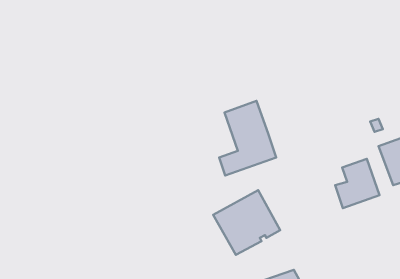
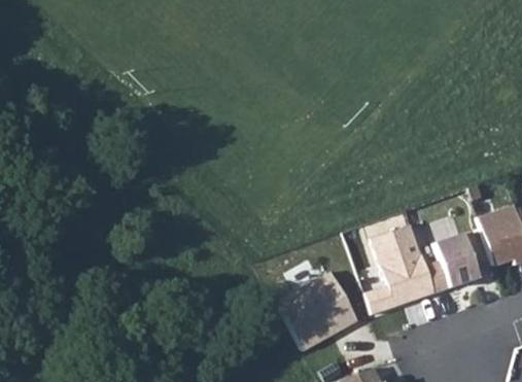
building: [219,101,276,175] -> [366,223,434,314]

